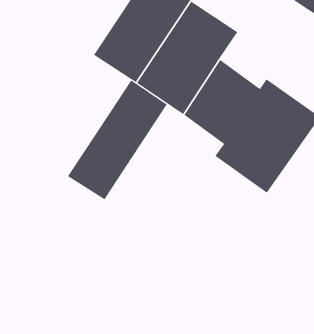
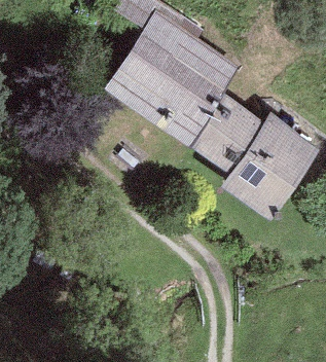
building: [67,80,167,200] -> none

